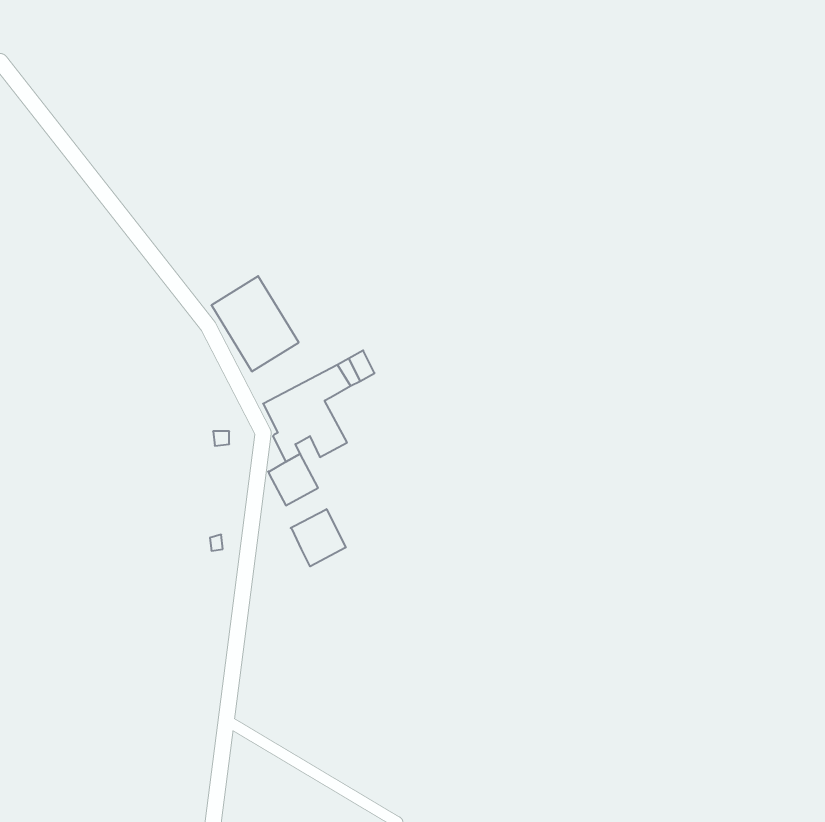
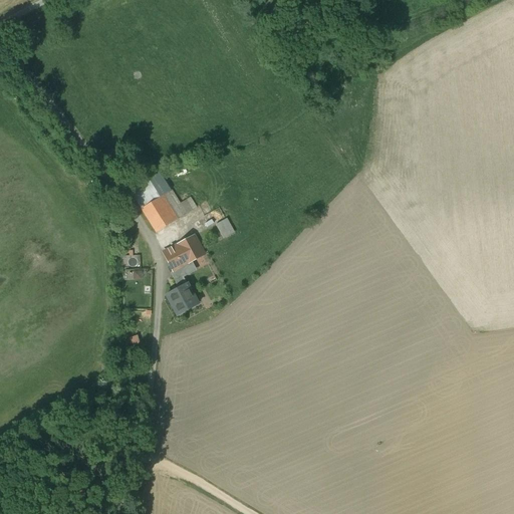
building: [291,509,346,566] -> none

